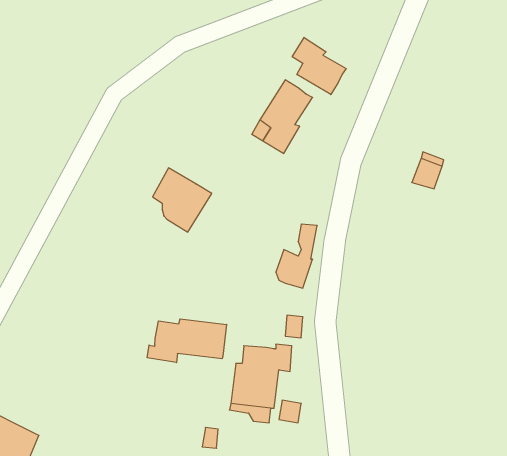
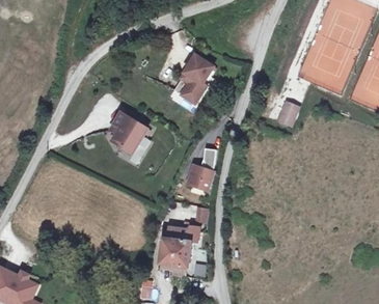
building: [292,37,346,95] -> none
building: [147,319,227,363] -> none

